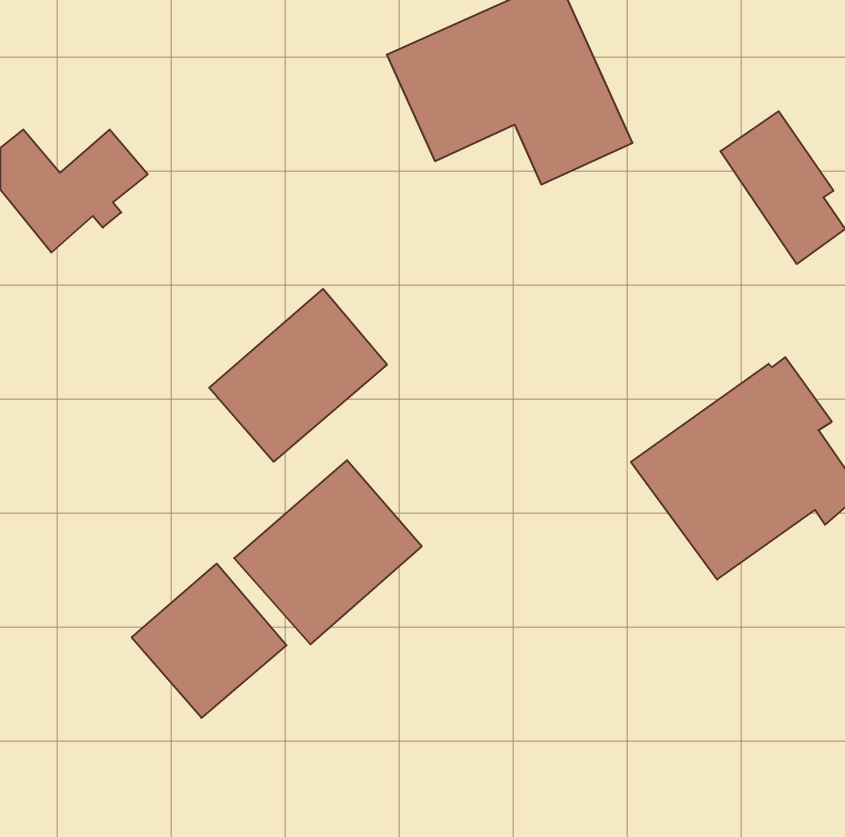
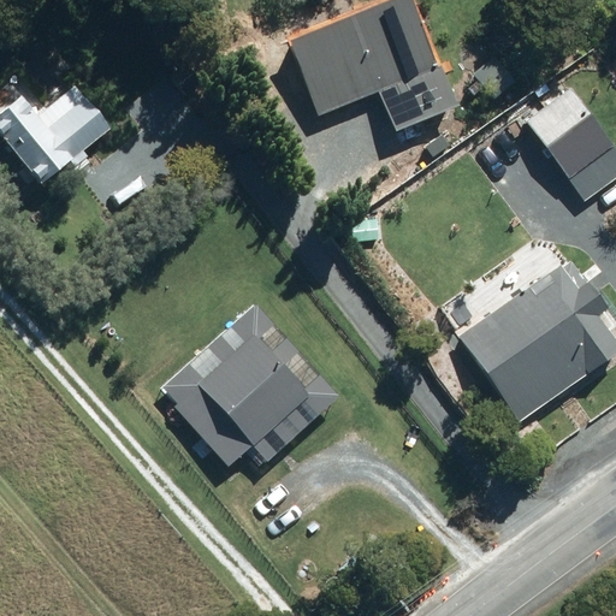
building: [209,289,387,462] -> none
building: [132,564,287,718] -> none

